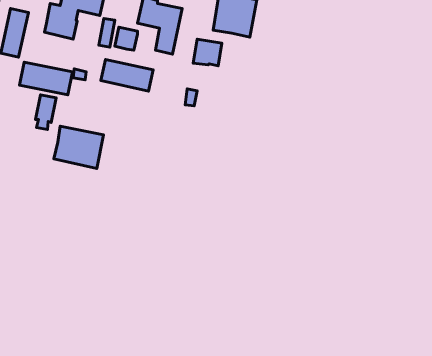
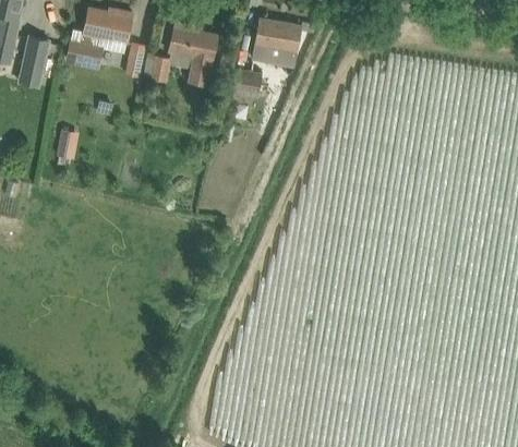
building: [101,59,153,91] -> none
building: [20,62,73,95] -> none
building: [54,126,103,168] -> none

